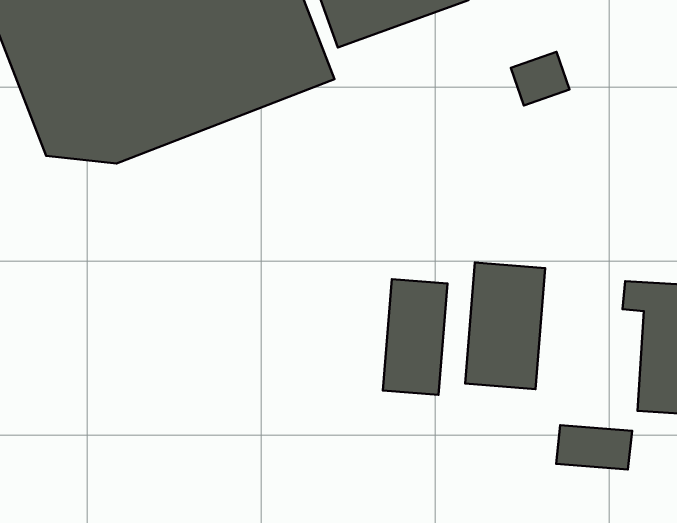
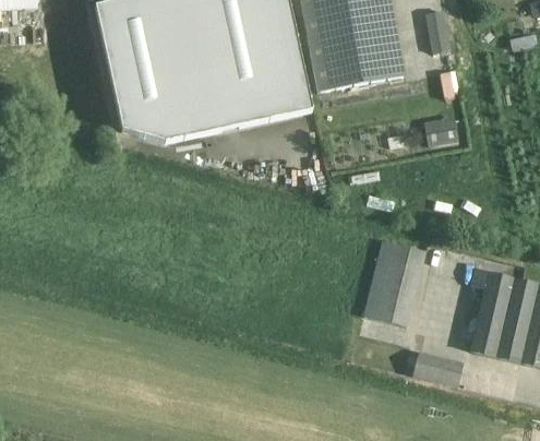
building: [383,279,447,395] -> none

